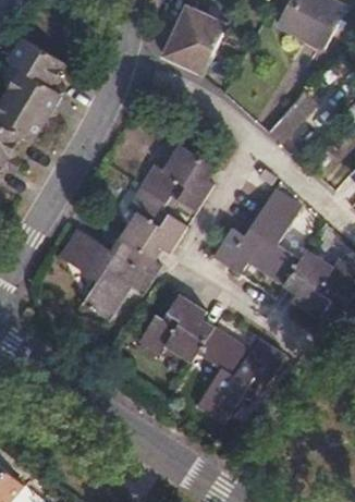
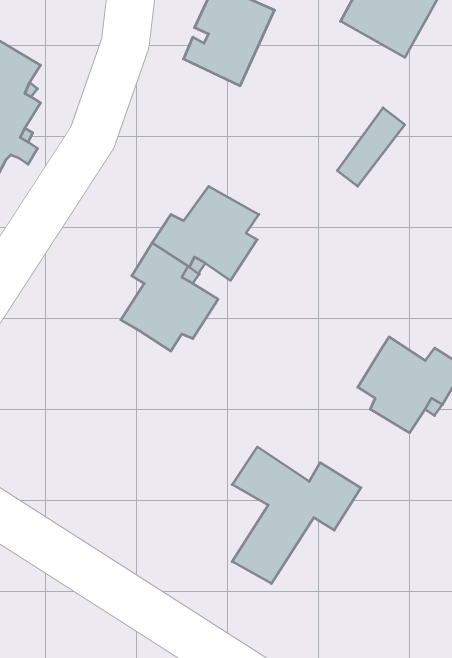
building: [212,187,302,284] -> none
building: [61,229,161,318] -> none
building: [138,292,215,359] -> none

